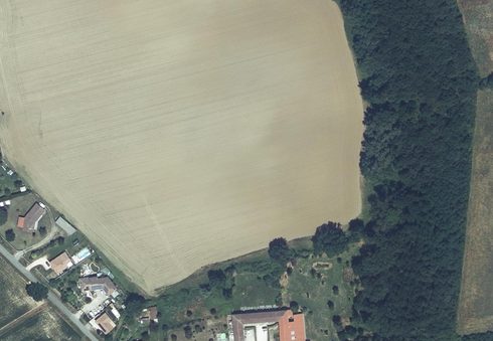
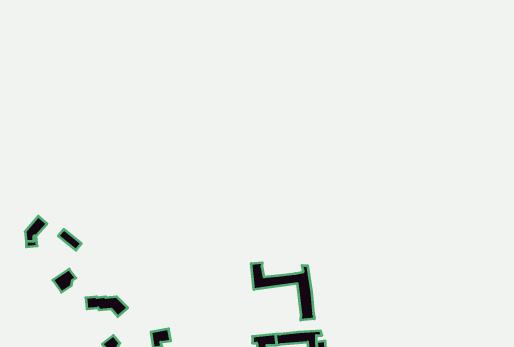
building: none -> [251,263,314,320]

